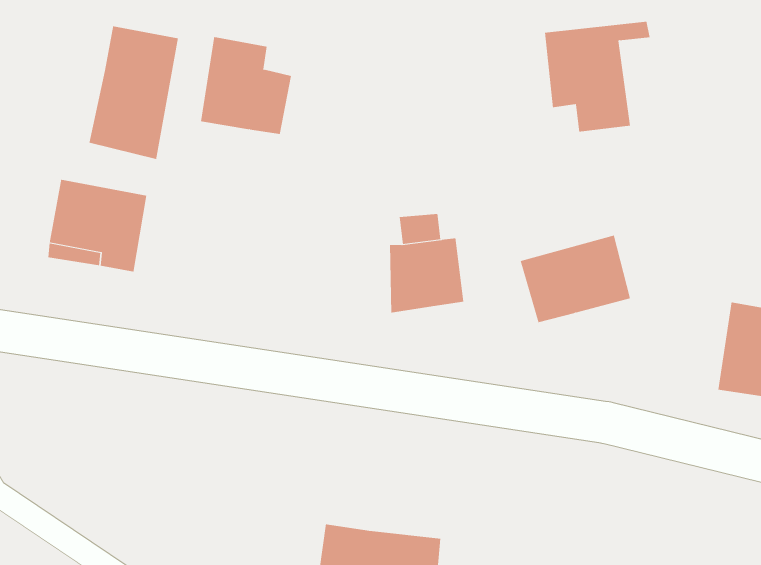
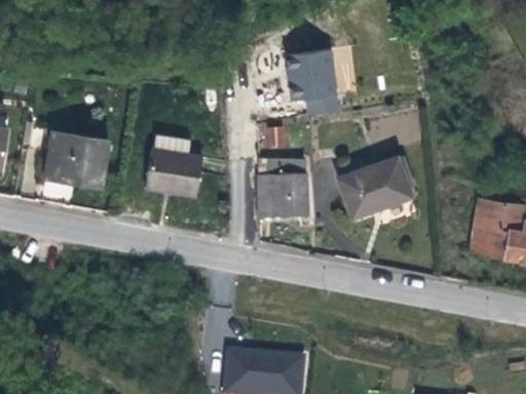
building: [544,21,650,132] -> [285,50,351,120]
building: [89,26,179,160] -> none
building: [200,37,292,135] -> [147,132,204,194]

